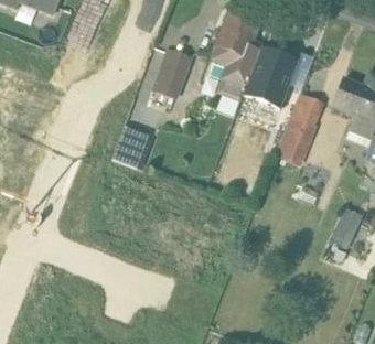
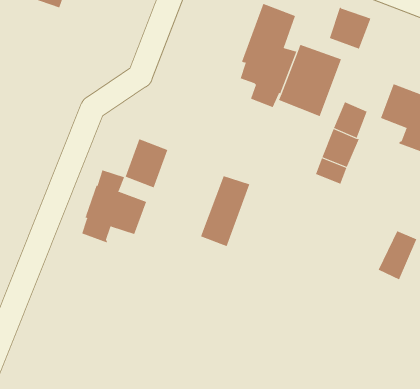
building: none -> [329,6,371,50]
building: [147,51,190,112] -> [200,175,250,247]
building: none -> [82,170,147,243]

